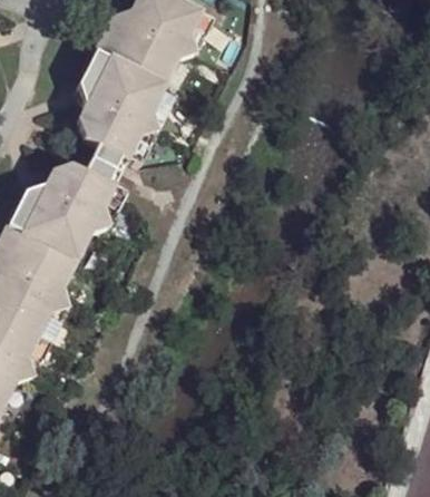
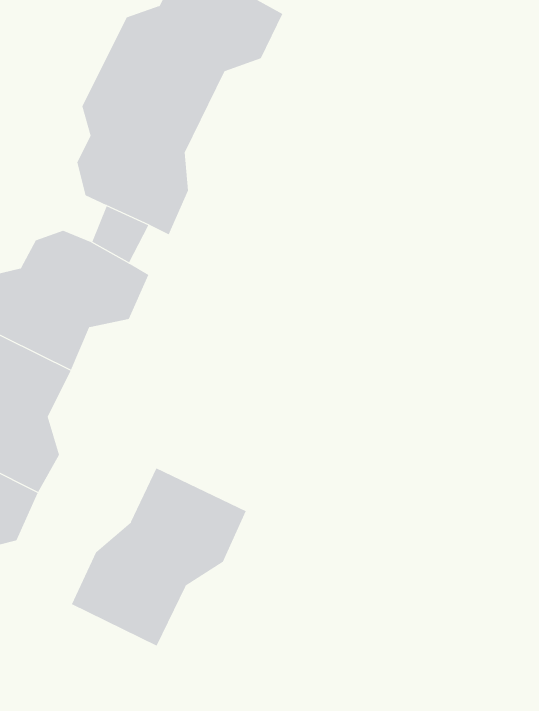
building: none -> [71,468,246,647]

